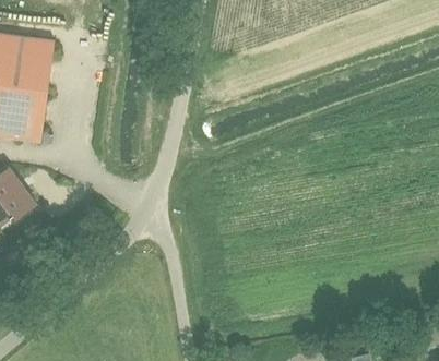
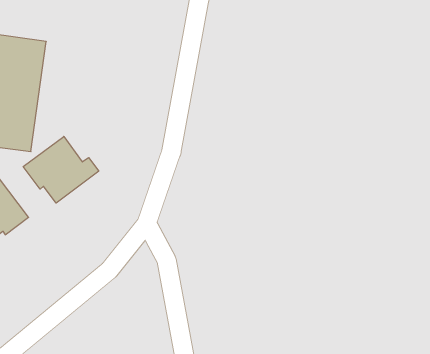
building: none -> [23,136,99,203]

